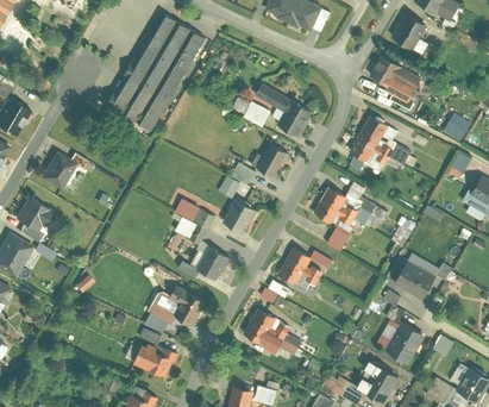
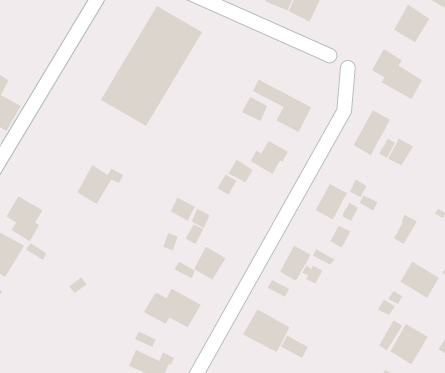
building: [40,151,87,190] -> [76,164,124,205]
building: [224,200,256,233] -> none

